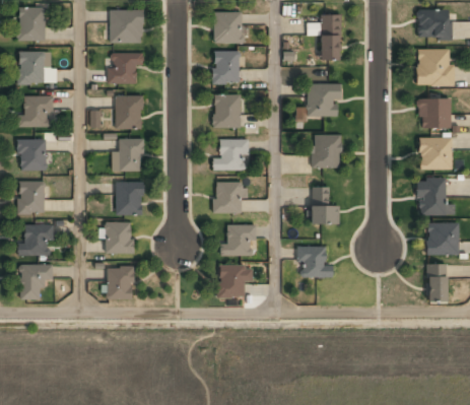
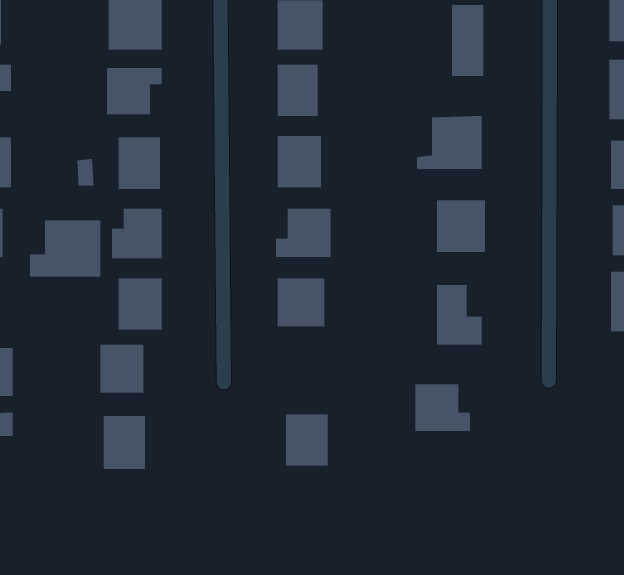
building: none -> [29,219,101,277]
building: [219,224,255,256] -> none

